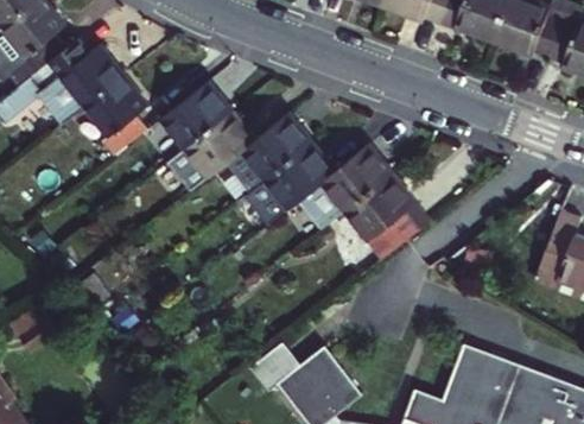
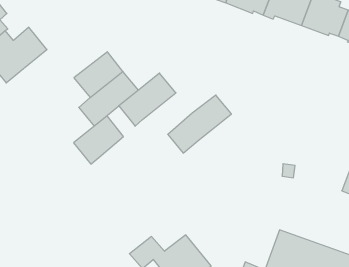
building: [82,78,147,159] -> none
building: [260,141,332,211] -> [74,116,123,164]
building: [341,172,427,259] -> none

